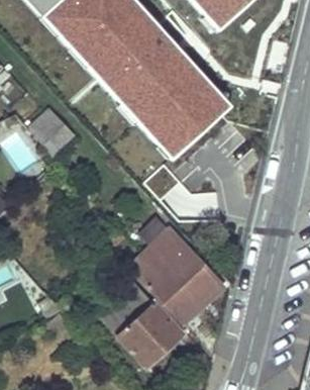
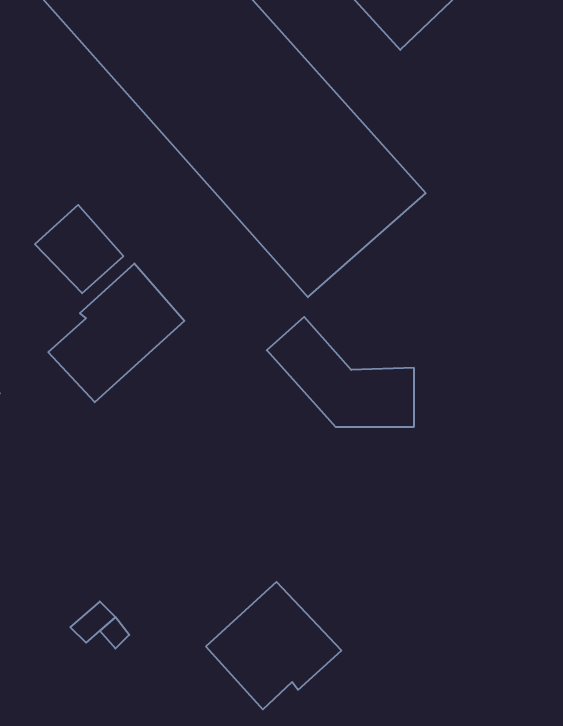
building: none -> [48,263,184,402]
building: [129,229,222,325] -> none

